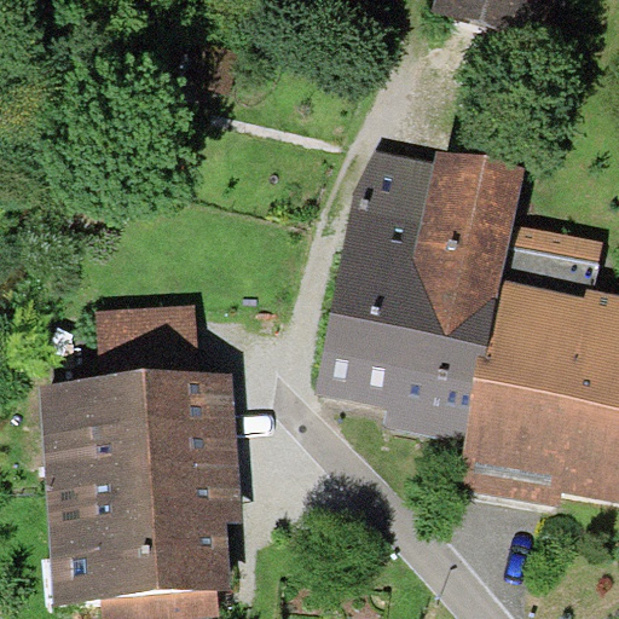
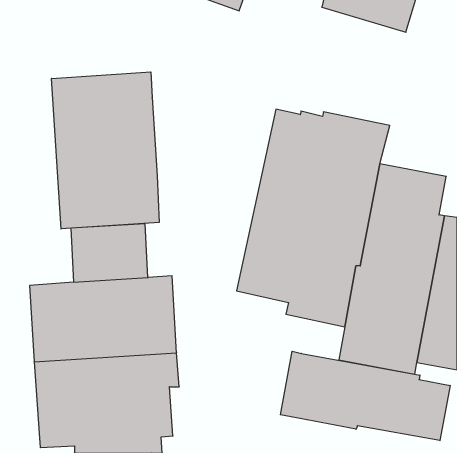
building: none -> [52,72,159,229]
building: none -> [280,351,450,441]

